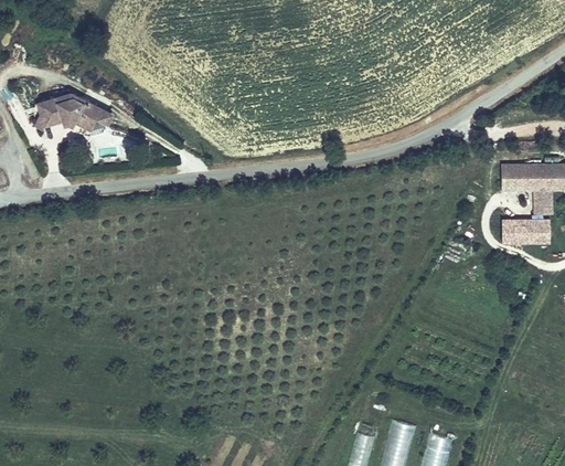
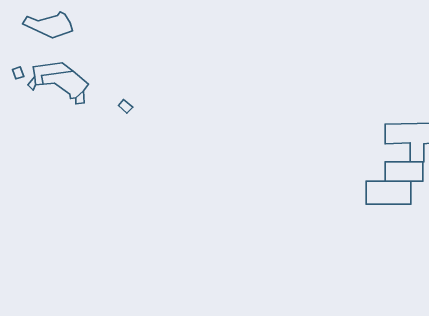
building: none -> [22,12,73,38]
building: none -> [366,181,411,204]

